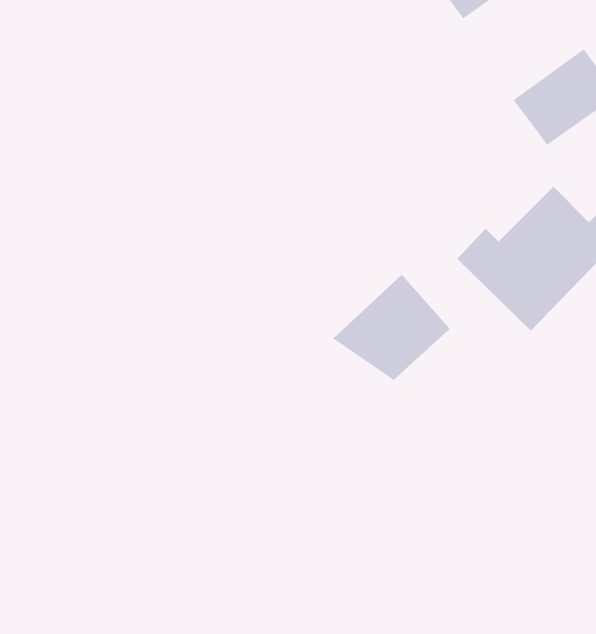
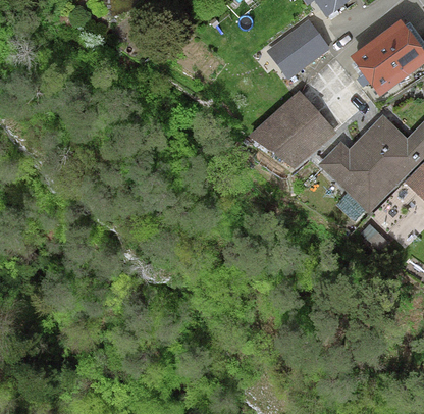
building: none -> [270,22,325,73]
building: [332,274,450,381] -> [254,95,328,162]

